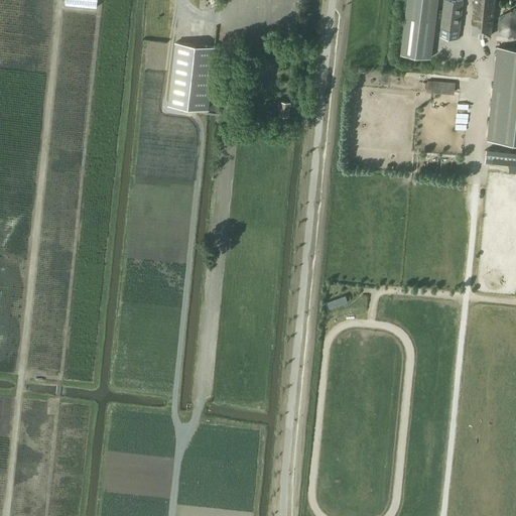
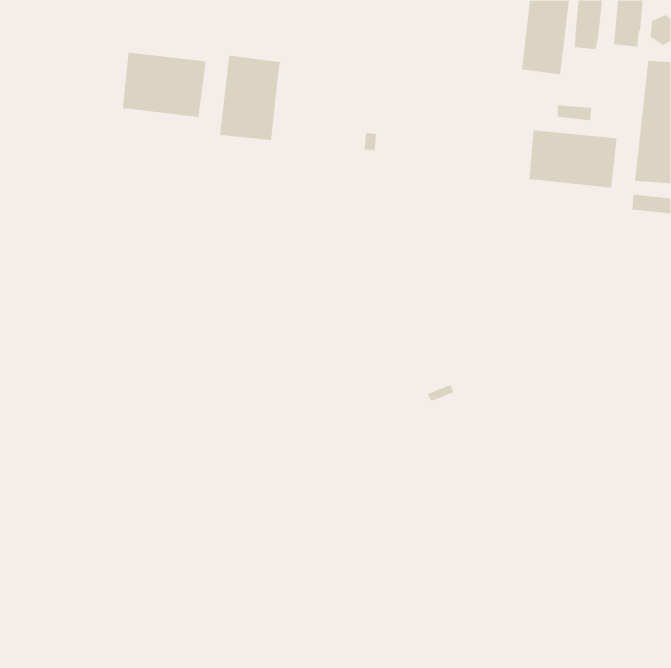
building: none -> [122,52,206,118]
building: none -> [529,129,617,188]

